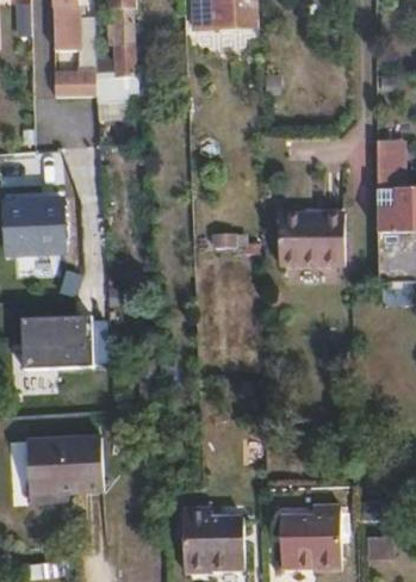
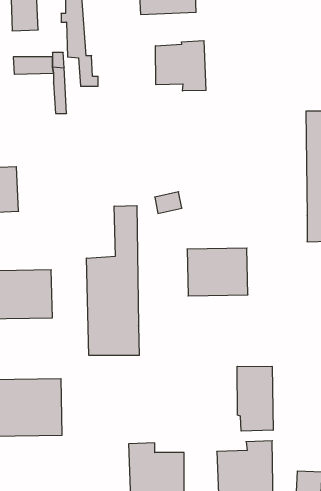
building: none -> [156,41,206,91]
building: [279,212,346,265] -> [187,248,248,296]
building: none -> [87,206,139,355]
building: none -> [237,366,273,431]

